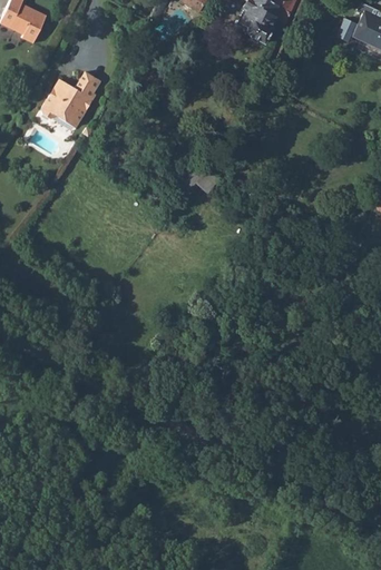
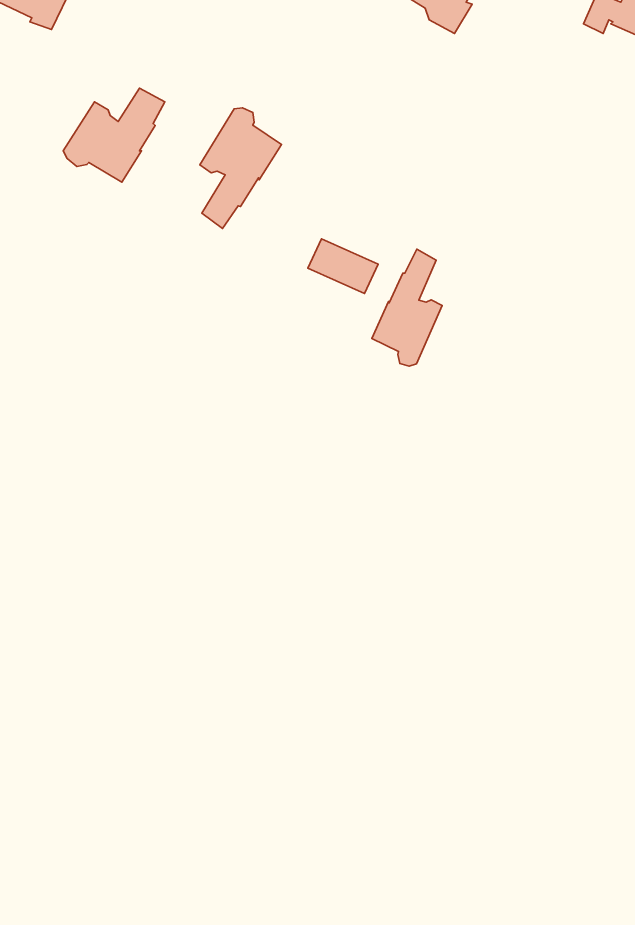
building: none -> [200,108,281,229]
building: none -> [372,249,442,366]

